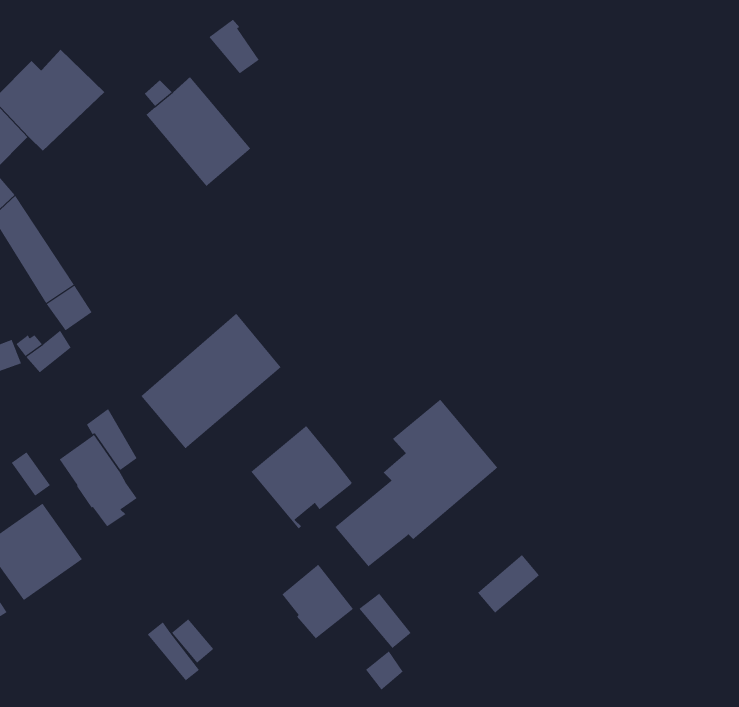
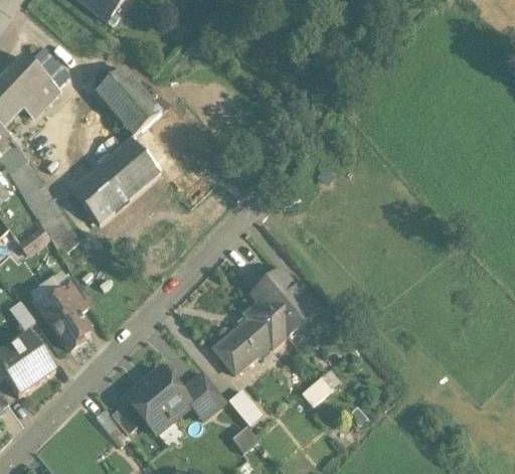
building: [208,19,259,74] -> none
building: [140,313,281,449] -> [70,136,159,221]
building: [250,425,353,529] -> [126,367,190,433]

